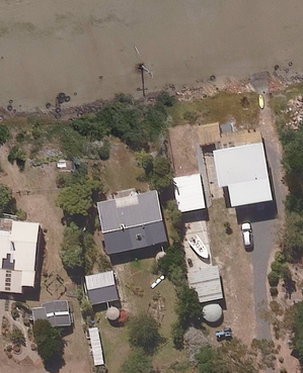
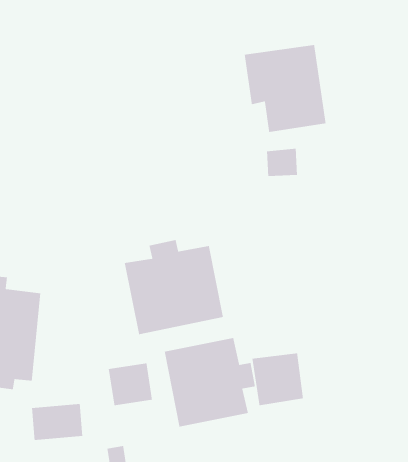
building: [215,146,273,207] -> [244,44,327,133]
building: [172,175,204,212] -> none
building: none -> [164,337,256,427]

